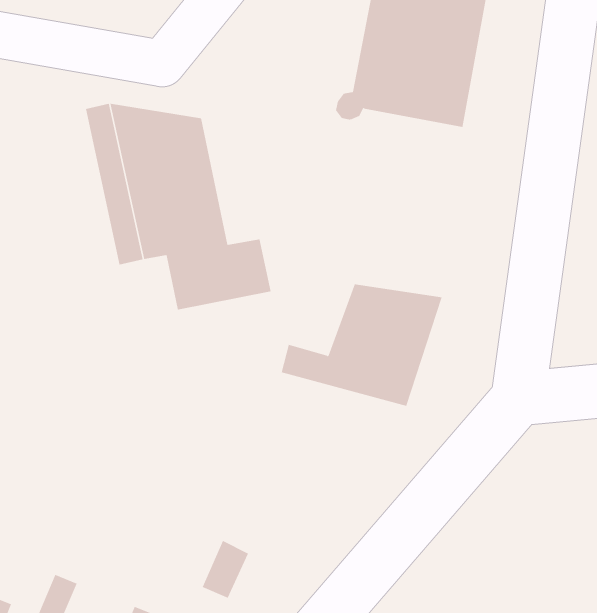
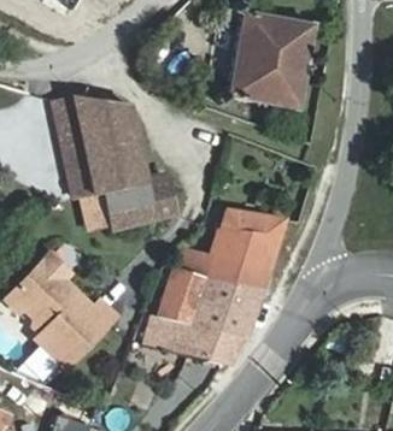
building: none -> [7,260,118,367]
building: none -> [147,265,263,365]

